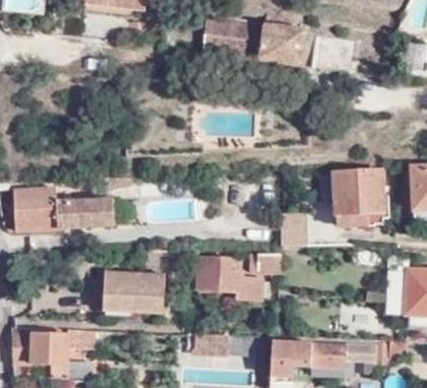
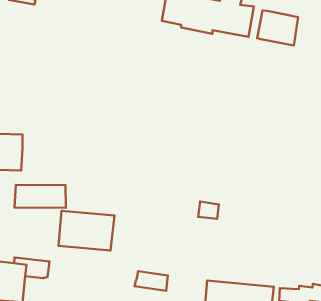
building: [333,168,385,225] -> none
building: [55,200,113,228] -> [14,185,66,208]
building: [279,212,309,245] -> none
building: [199,255,263,298] -> none

